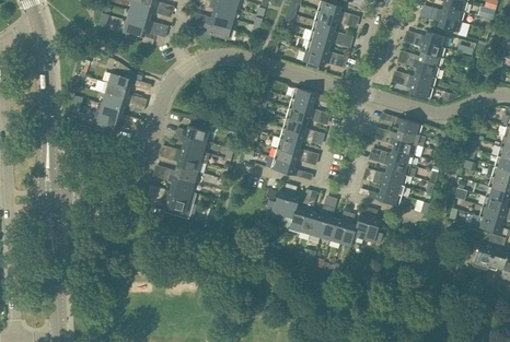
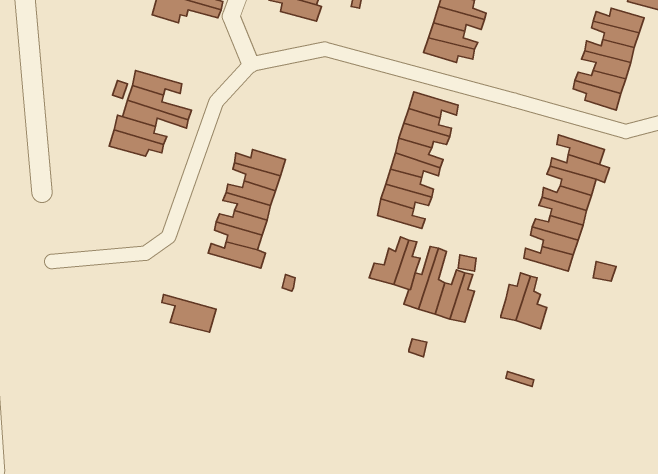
building: [158,193,194,219] -> [162,294,216,332]
building: [329,211,357,246] -> none

